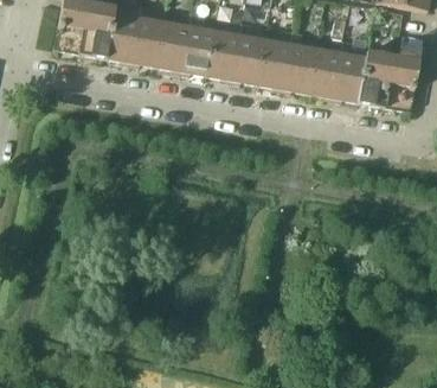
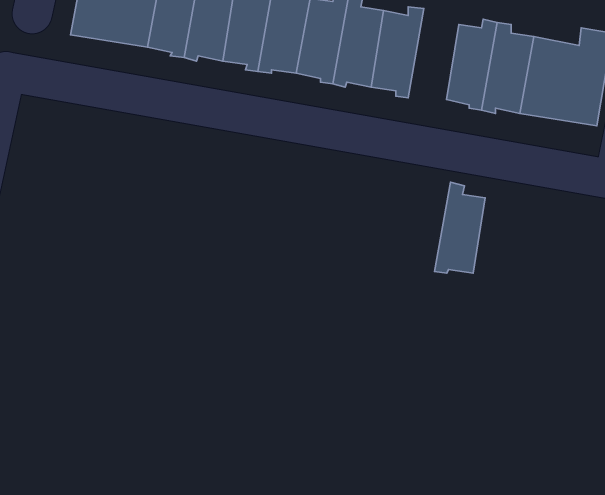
building: [282,31,316,93] -> [435,182,485,273]

